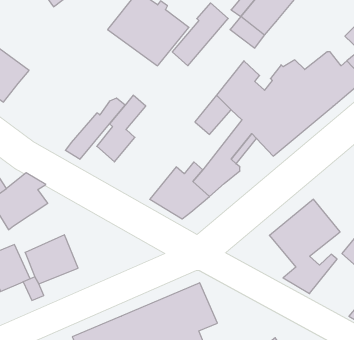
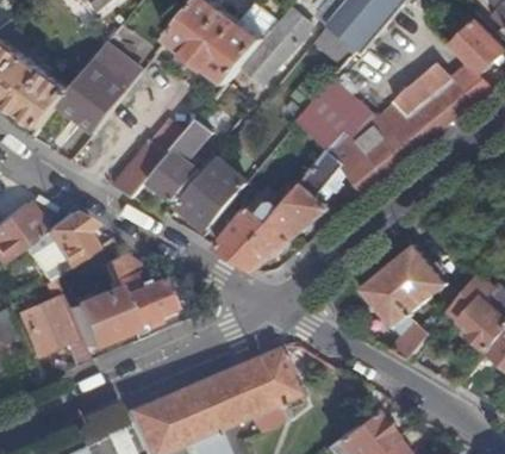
building: none -> [58,27,127,130]
building: none -> [180,157,248,228]
building: none -> [101,249,174,328]

